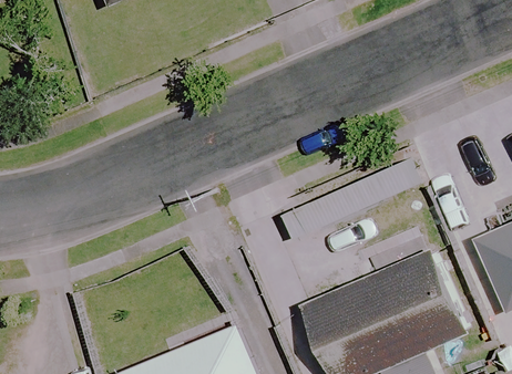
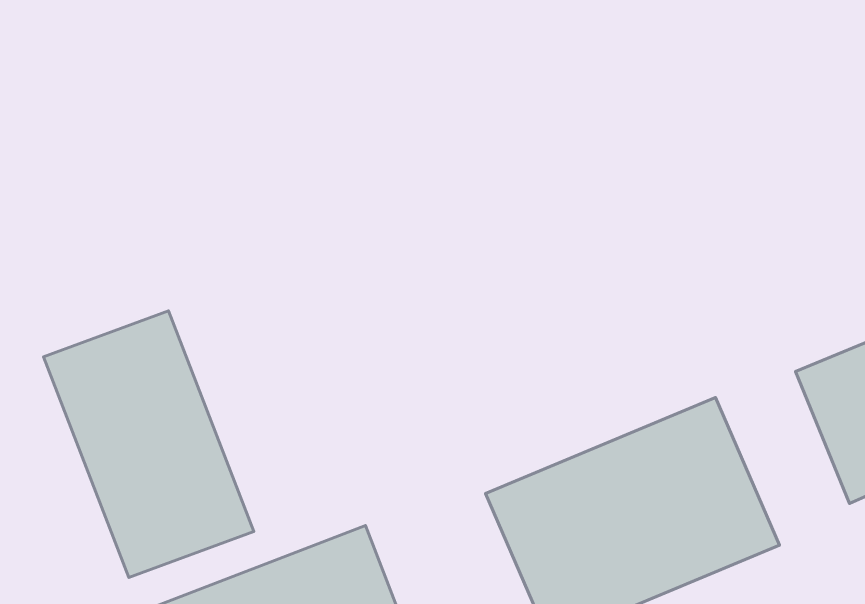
building: none -> [44,311,254,578]

